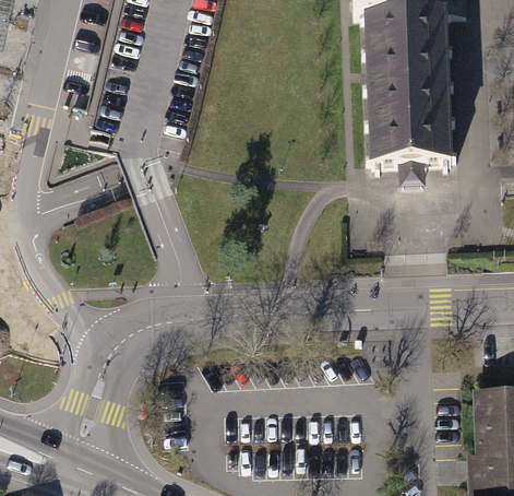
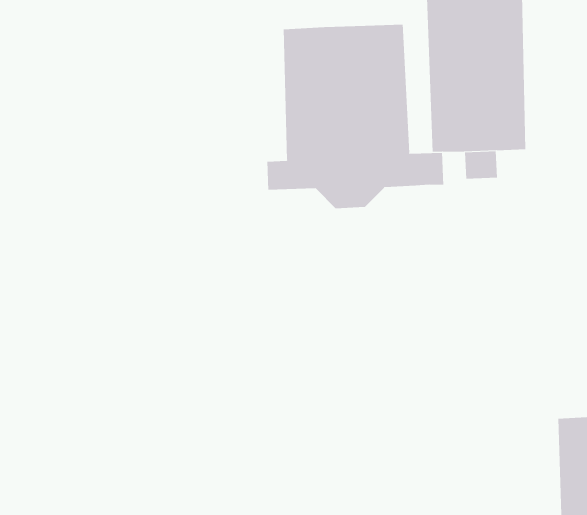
building: none -> [267,24,444,209]

